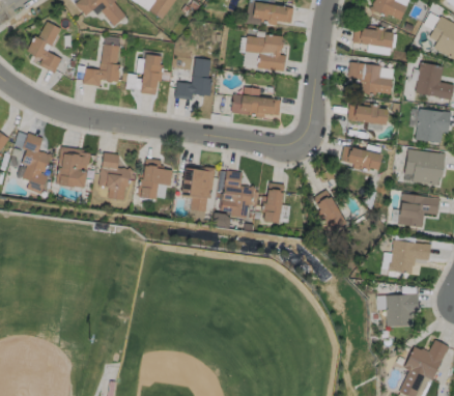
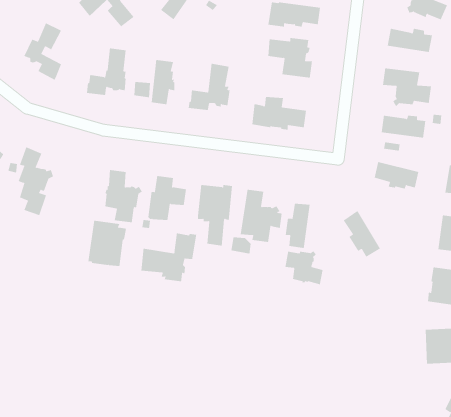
building: [56,146,91,188] -> [88,220,127,267]
building: none -> [141,232,197,282]
building: none -> [285,250,323,285]

